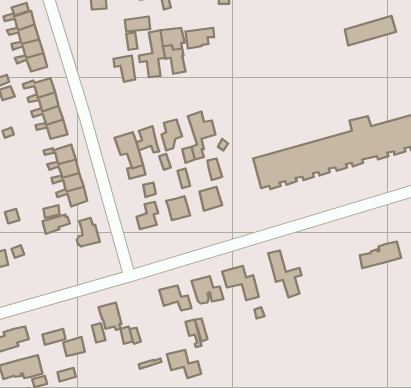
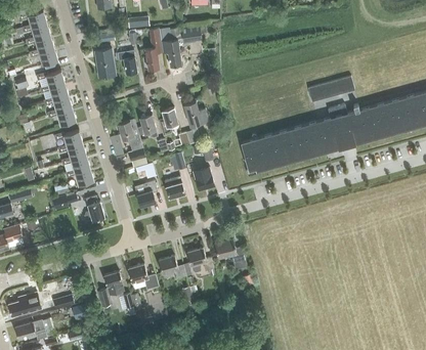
building: [345,16,396,46] -> [308,76,354,102]
building: none -> [94,49,116,78]
building: [360,241,401,268] -> none
building: [268,250,302,297] -> none
building: [167,350,201,378] -> [128,264,159,290]

